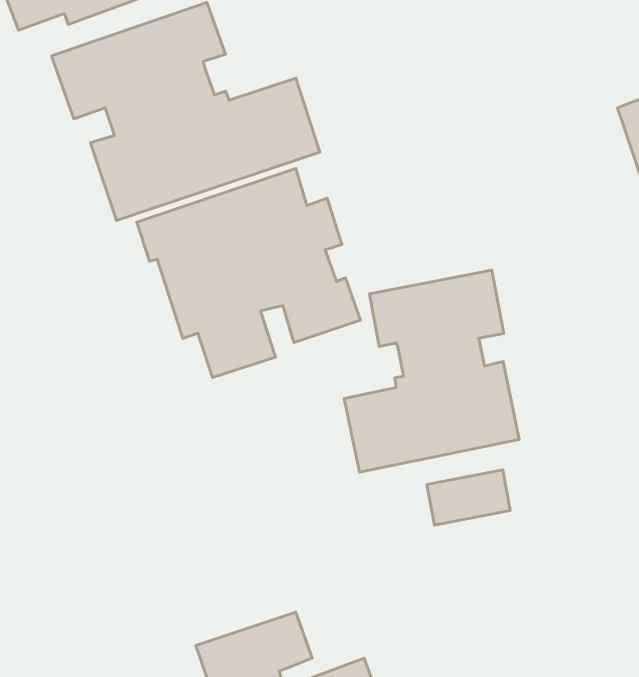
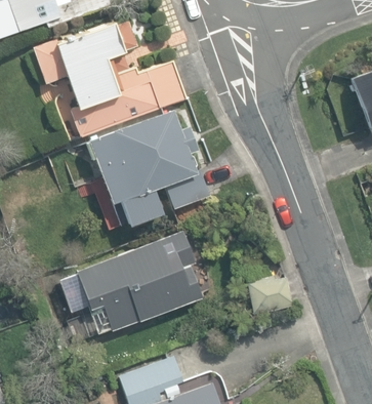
building: [344,270,519,472] -> none
building: none -> [57,229,202,334]

